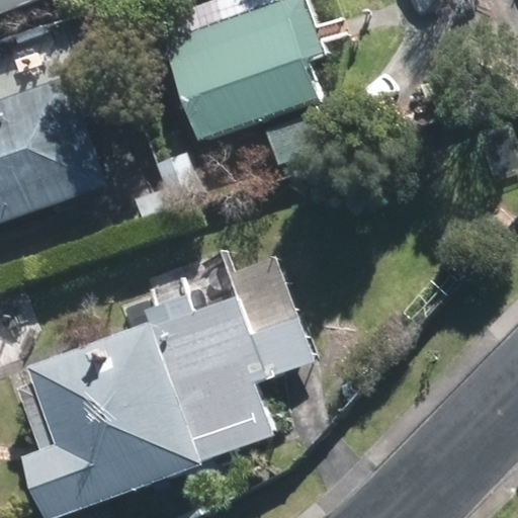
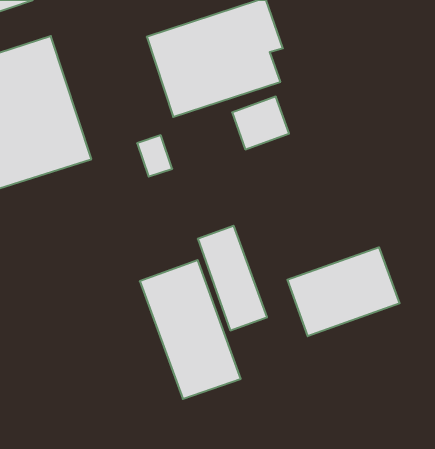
building: none -> [287,247,400,336]
building: [27,330,200,513] -> none

